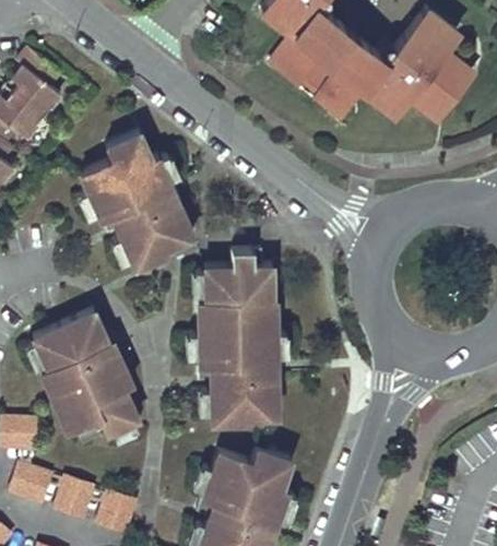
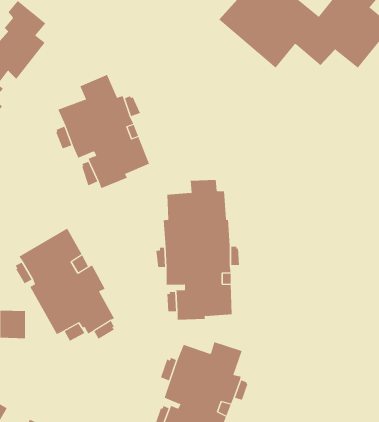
building: [16,456,58,497] -> none
building: [59,473,98,513] -> none
building: [100,487,140,527] -> none

